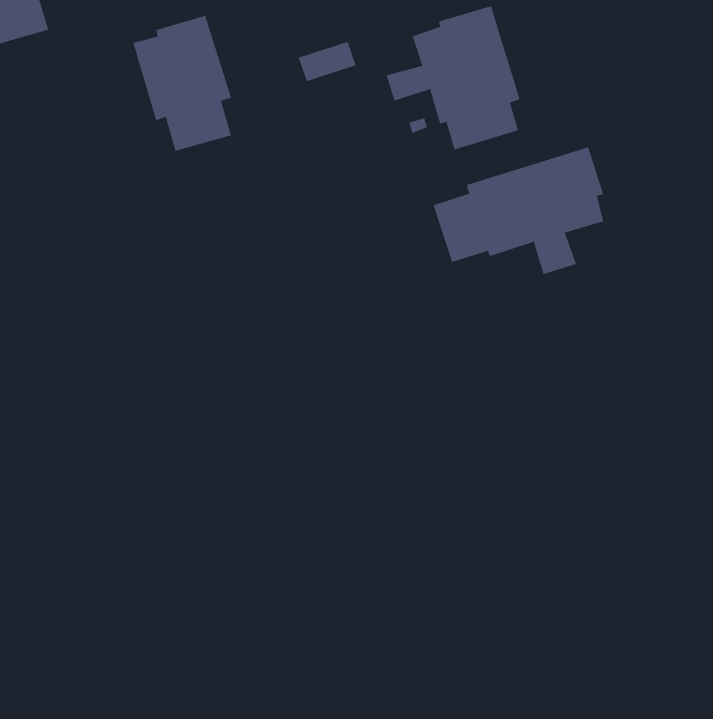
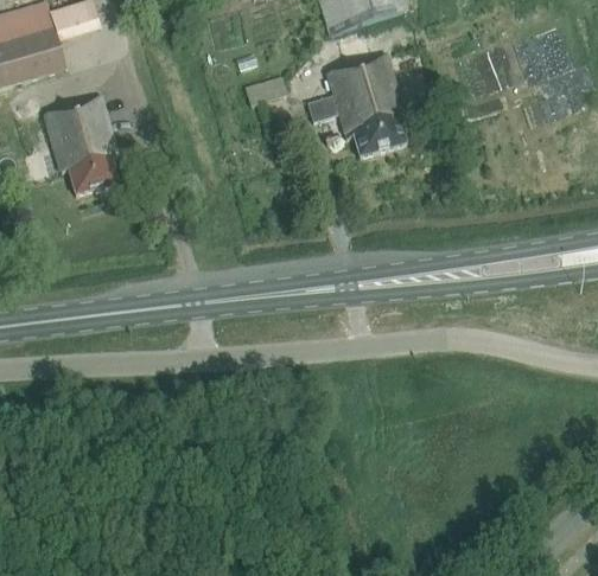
building: [133,15,232,152] -> [44,95,116,194]
building: [433,146,604,275] -> none

